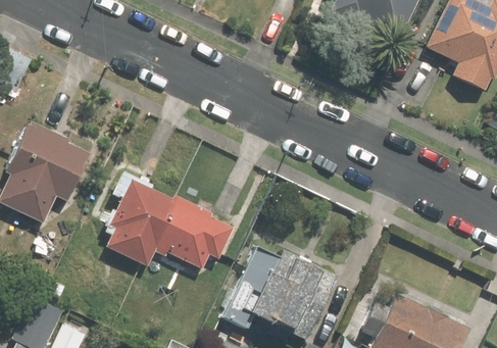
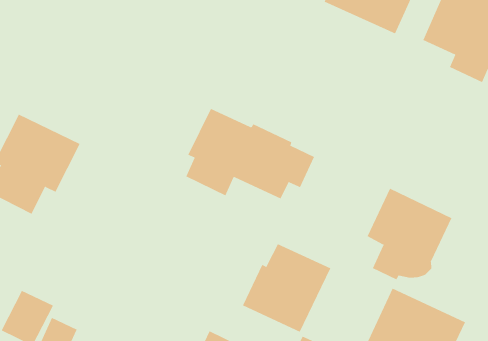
building: [107,179,235,268] -> [185,108,315,199]
building: none -> [367,188,452,280]

